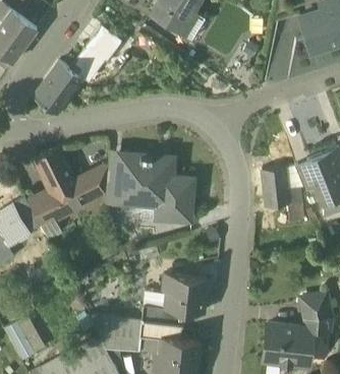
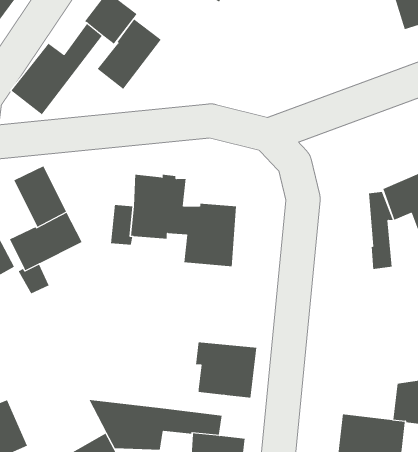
building: none -> [97,18,162,90]
building: [72,166,107,212] -> none
building: [262,168,288,208] -> none
building: [140,304,183,325] -> none

